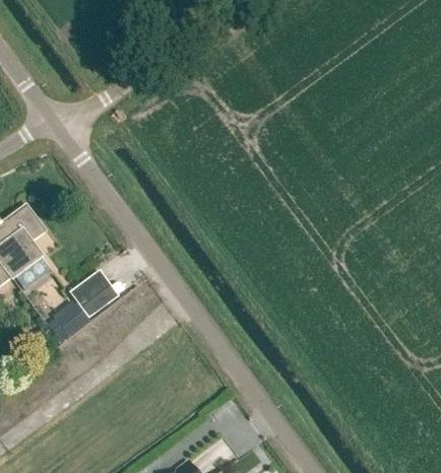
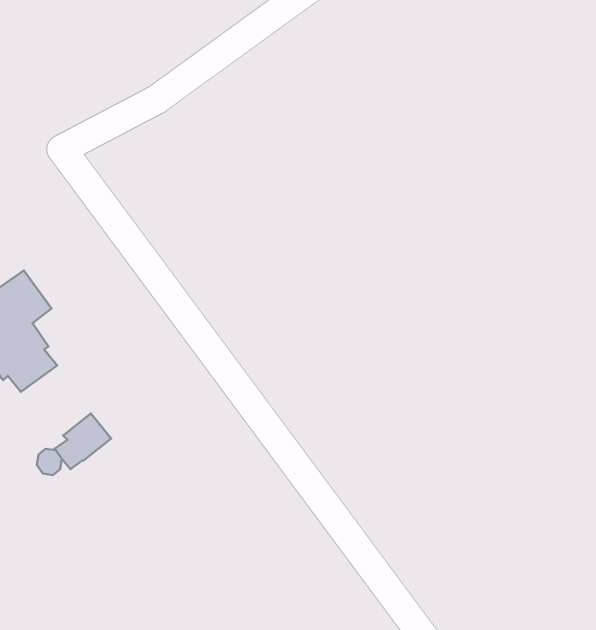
building: [69,271,111,309] -> none

